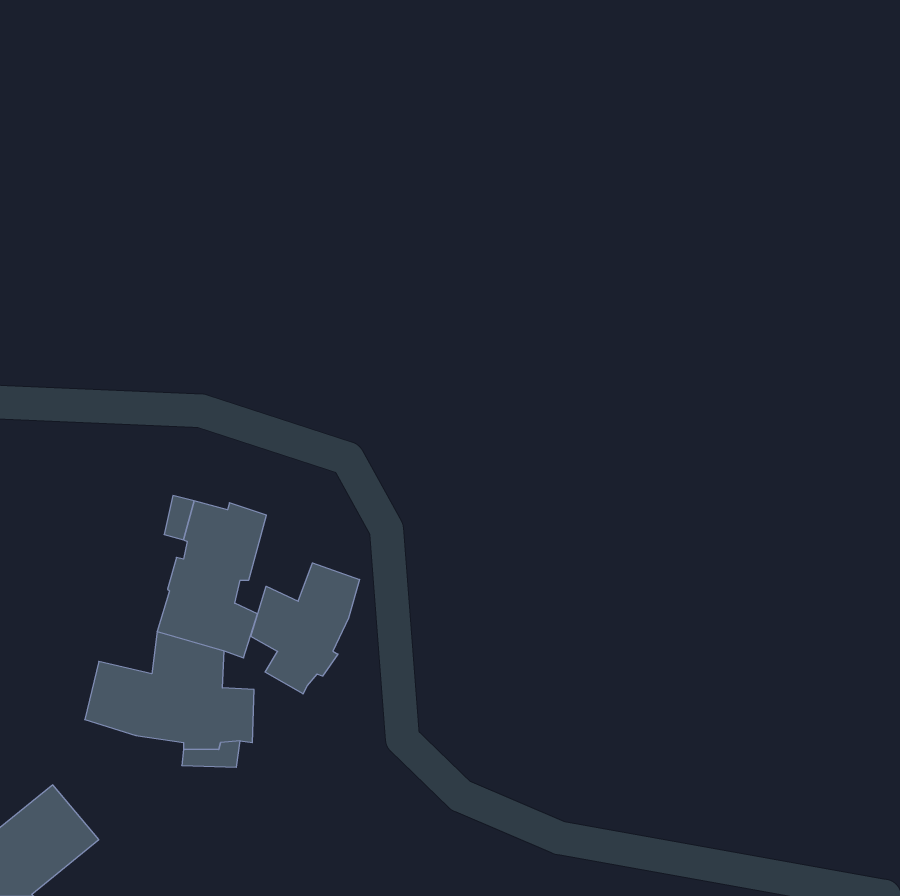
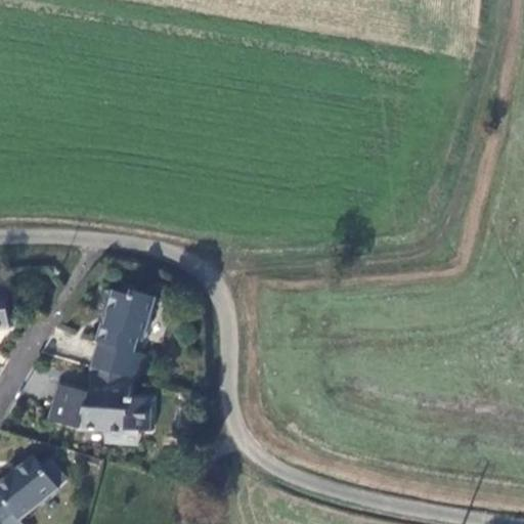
building: [251,563,360,694] -> none

